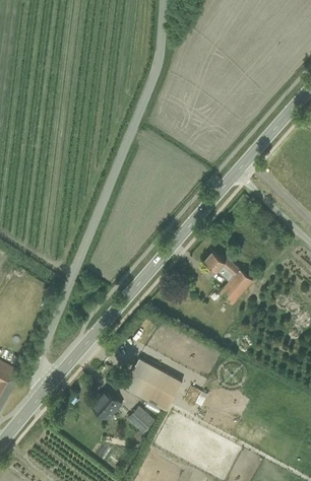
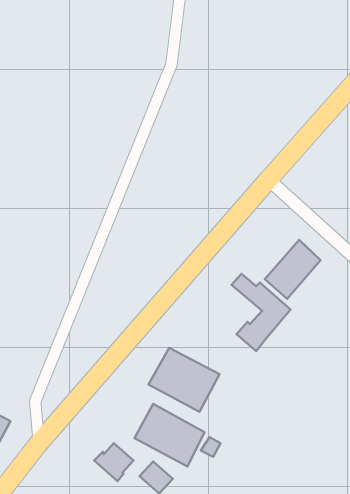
building: none -> [265,240,321,299]
building: none -> [148,348,220,412]

